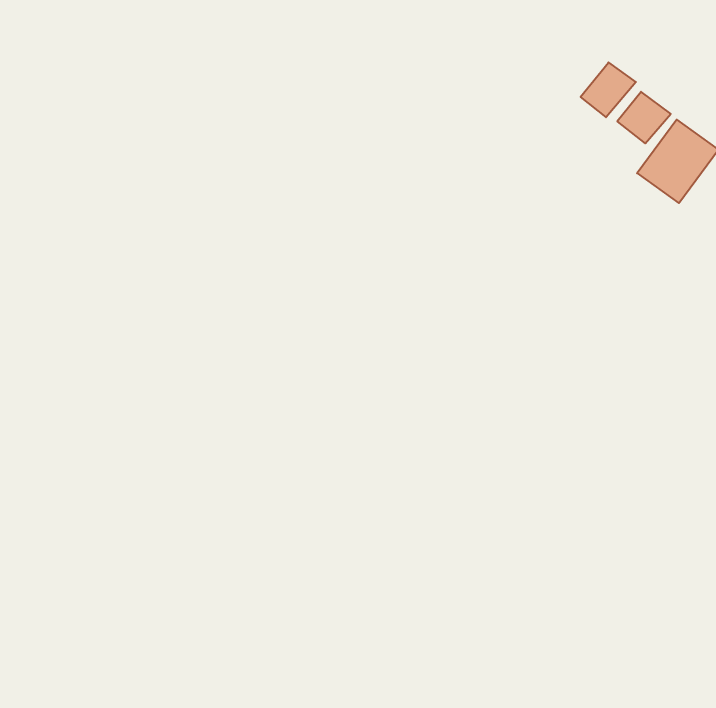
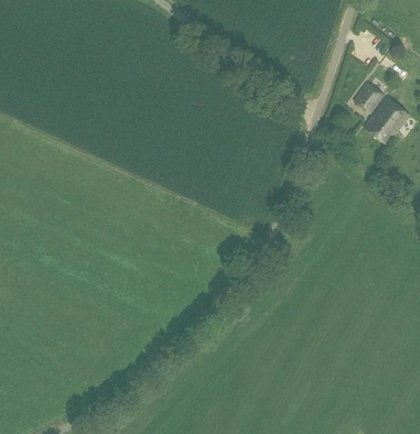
building: [581,62,636,117] -> none

